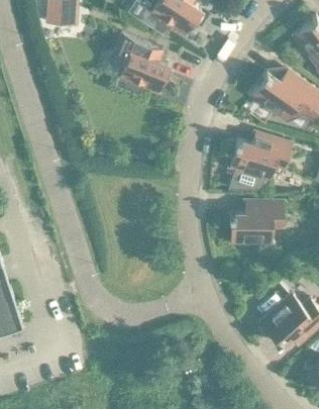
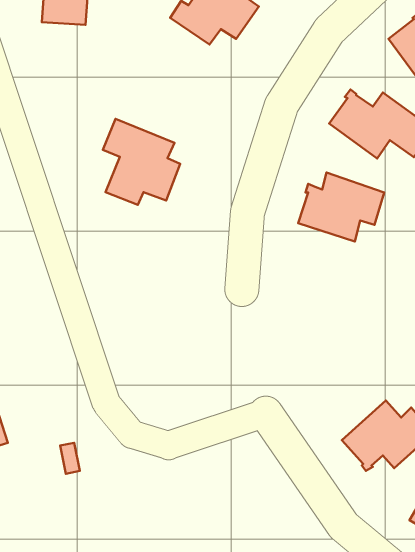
building: [113,33,169,95] -> [103,119,180,205]
building: [228,201,283,241] -> none

